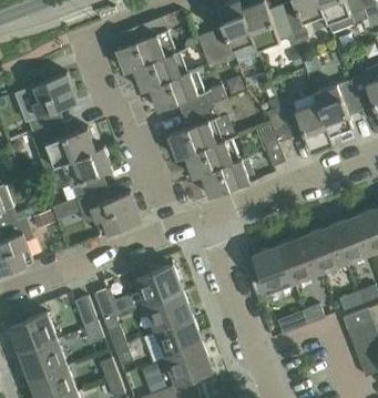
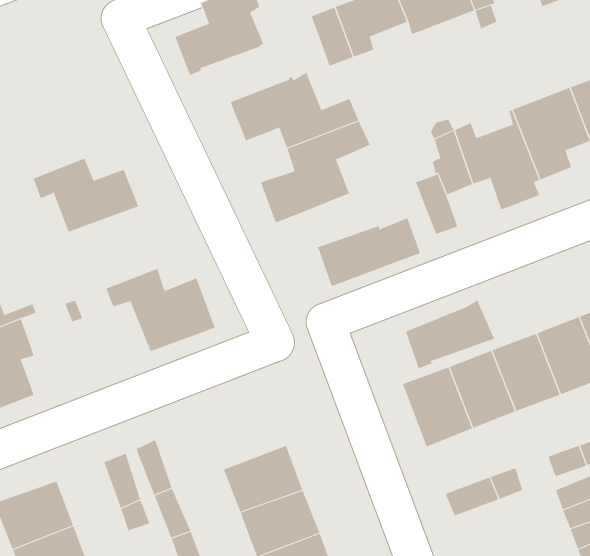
building: [132,52,186,92] -> none
building: [27,74,78,134] -> none
building: [185,139,238,180] -> [405,300,495,369]
building: [62,147,112,200] -> none
building: [135,266,183,307] -> none

